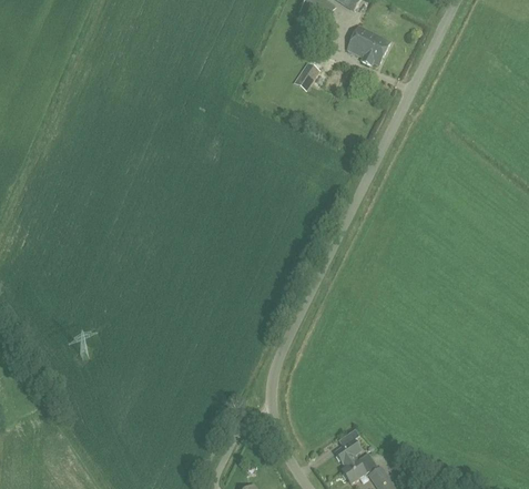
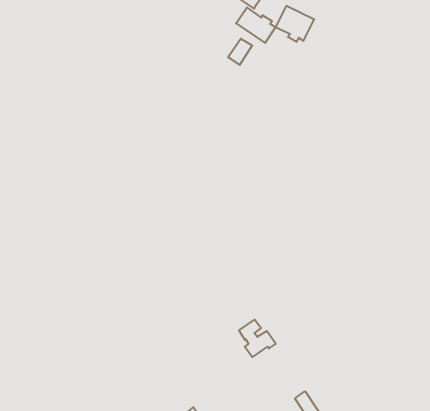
building: none -> [236,7,276,43]
building: [335,439,377,482] -> [239,320,276,357]

